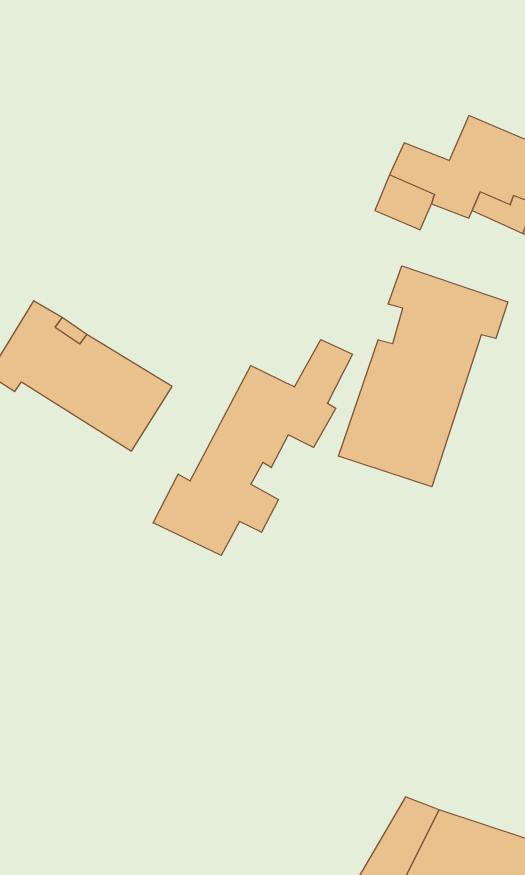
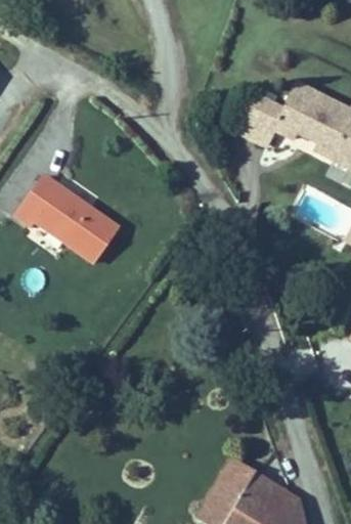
building: [339,266,508,487] -> none
building: [153,340,353,555] -> none

